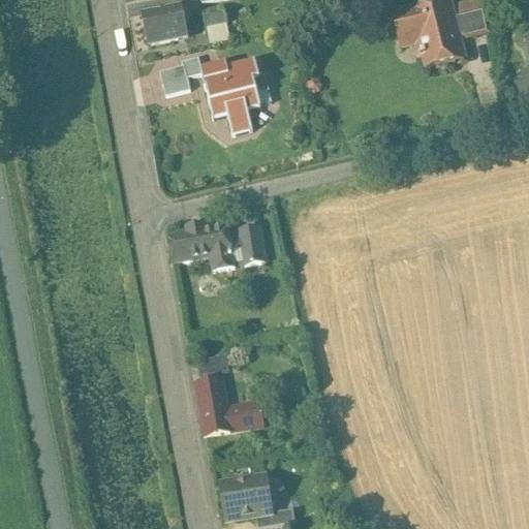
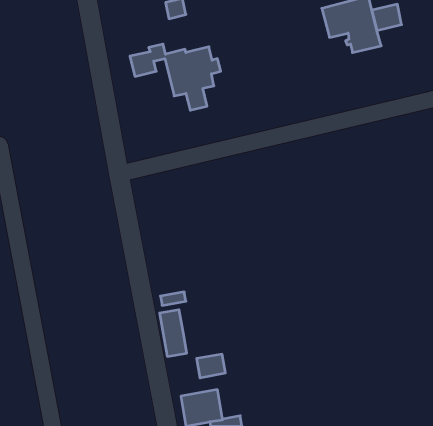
building: [141,4,188,43] -> none
building: [169,221,234,266] -> none
building: [239,230,264,260] -> none
building: [223,401,258,430] -> [197,354,225,378]

